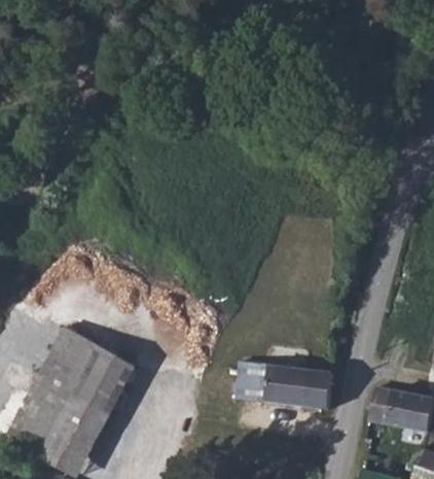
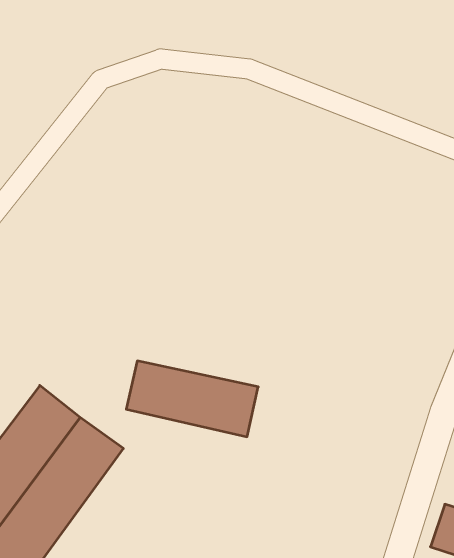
building: [237,362,333,409] -> [126,361,258,437]

